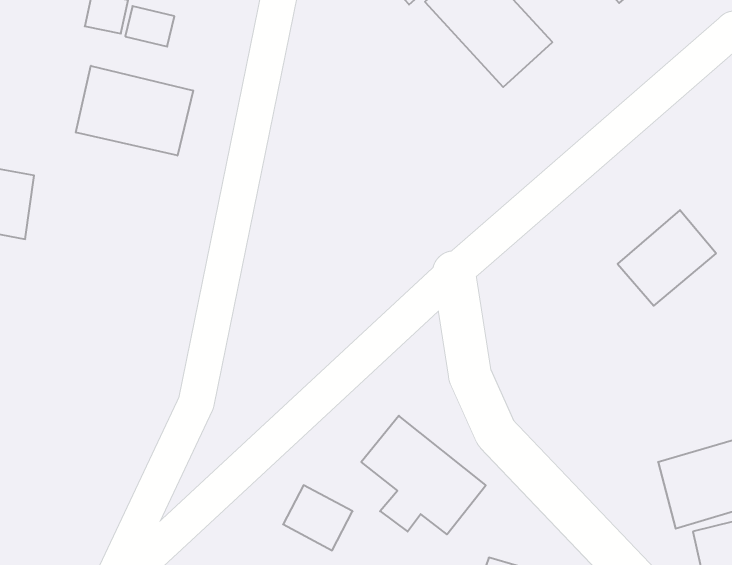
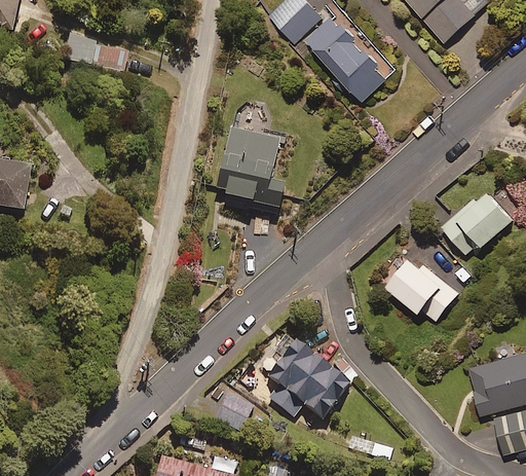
building: [76,66,193,156] -> none
building: none -> [214,129,281,208]
building: none -> [384,254,457,324]

